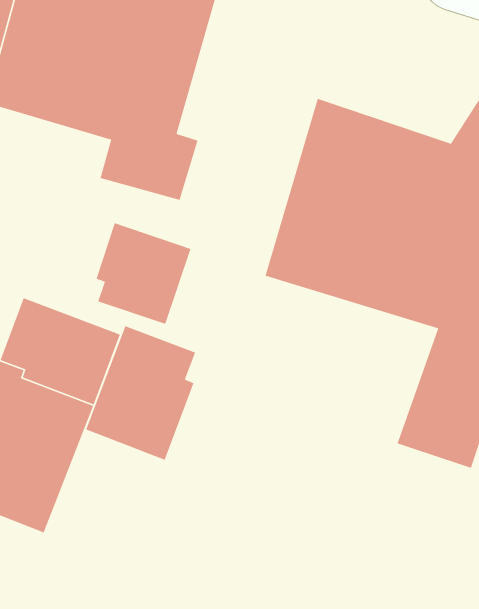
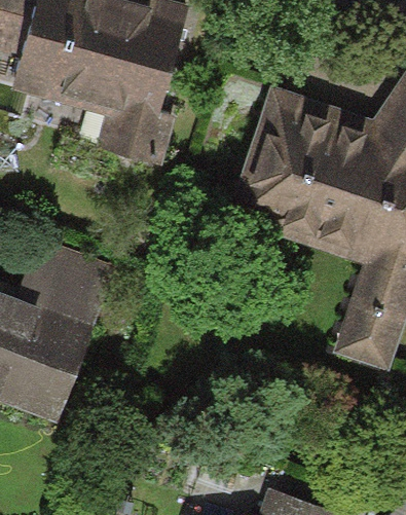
building: [96,222,191,325] -> none
building: [85,325,196,461] -> none

